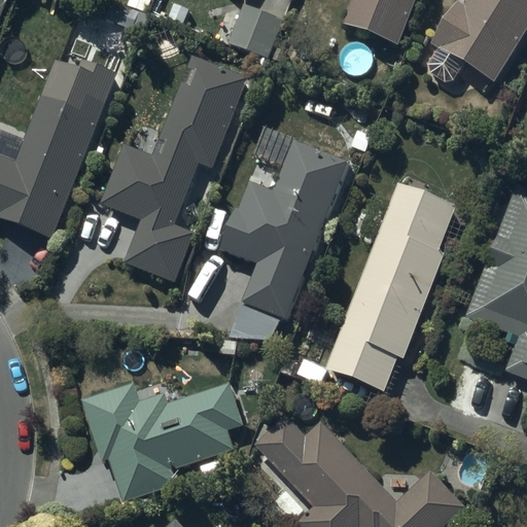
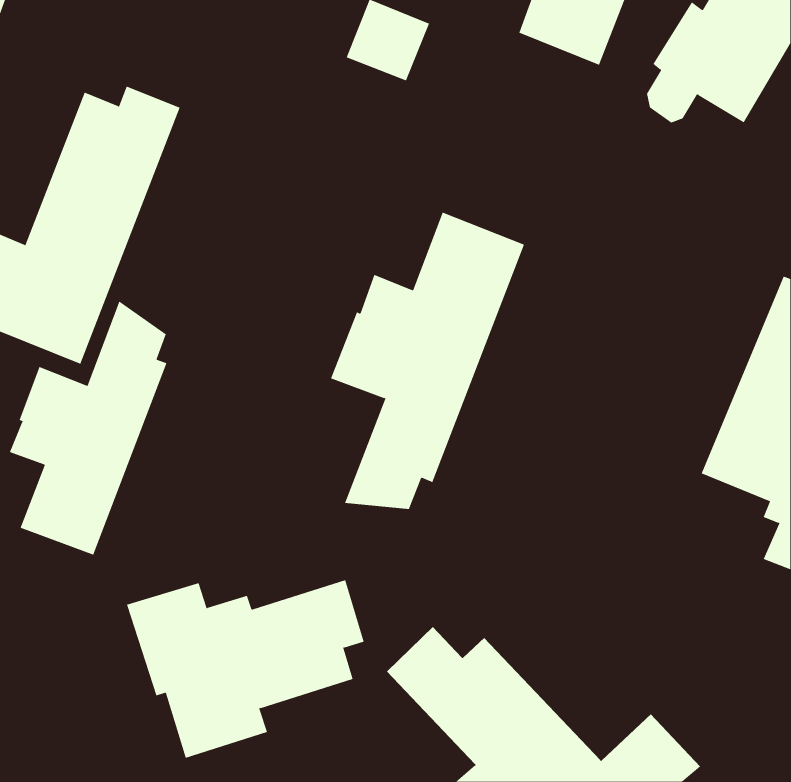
building: [100,55,247,282] -> none
building: [326,184,455,390] -> none
building: none -> [9,300,167,556]

